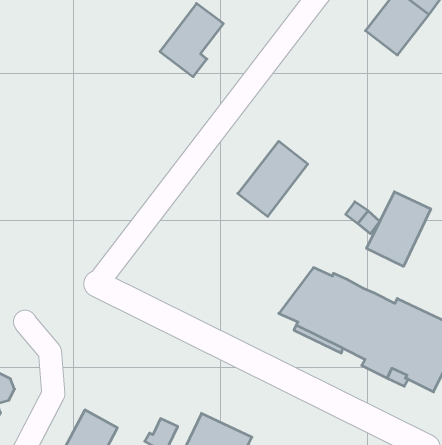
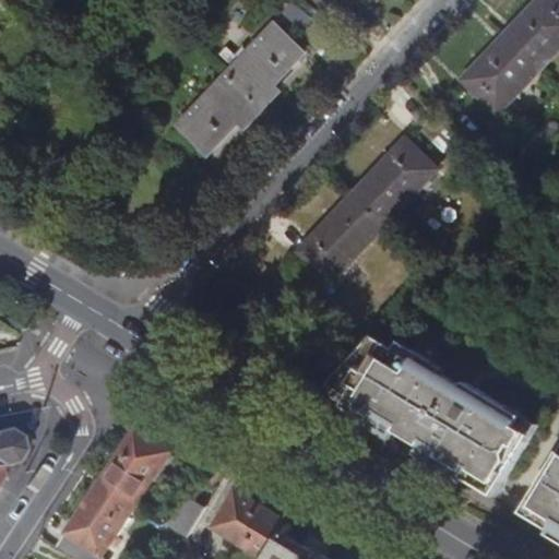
building: none -> [180,78,262,154]
building: none -> [352,138,436,223]
building: [367,192,431,266] -> none
building: none -> [100,425,170,500]

